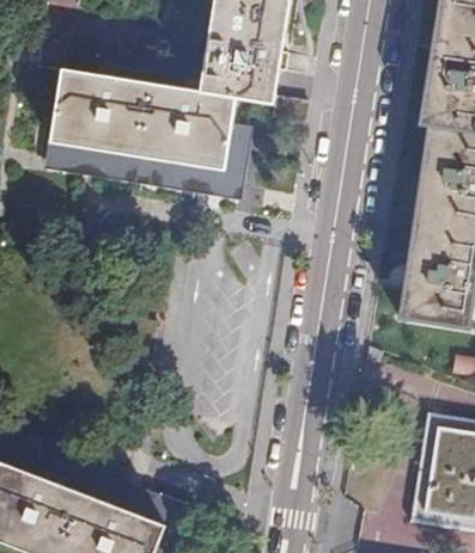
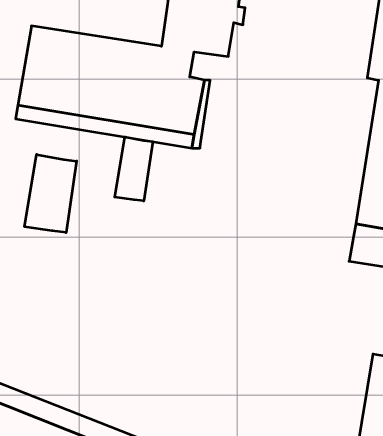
building: none -> [115,137,153,201]
building: none -> [25,154,77,233]

